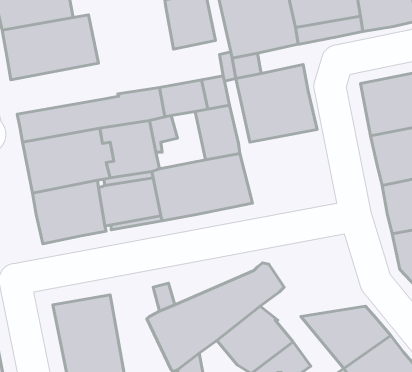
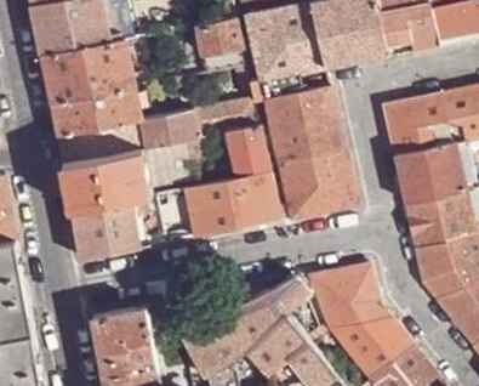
building: none -> [51,86,141,135]
building: none -> [279,149,355,218]
building: none -> [309,265,389,328]

